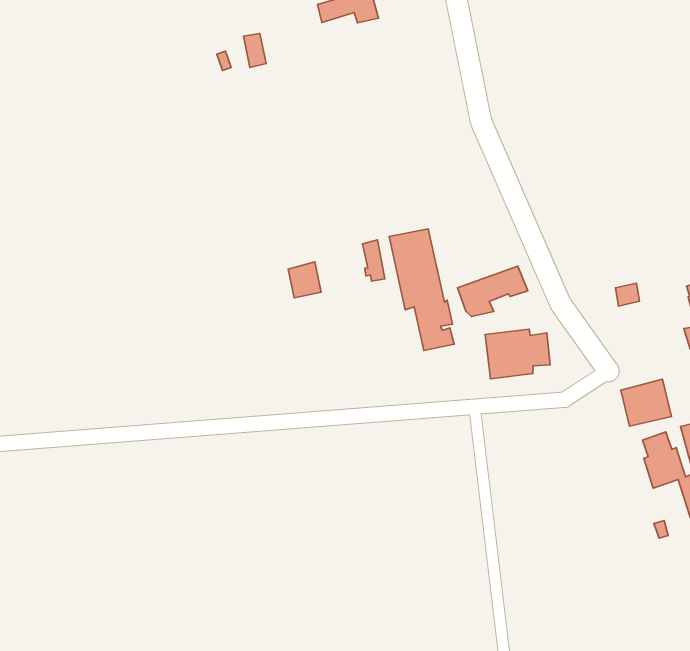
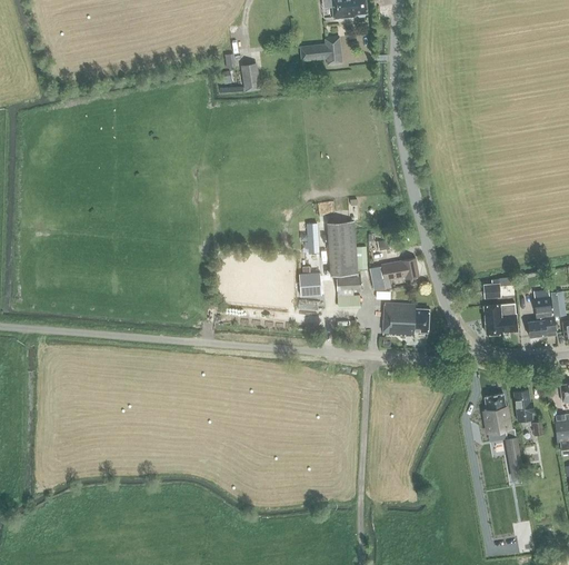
building: [288,262,321,298] -> [300,274,321,297]
building: [621,379,671,426] -> [483,304,517,334]

